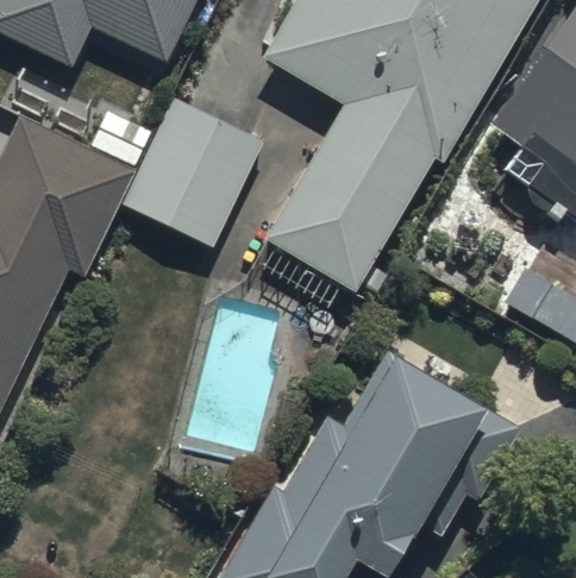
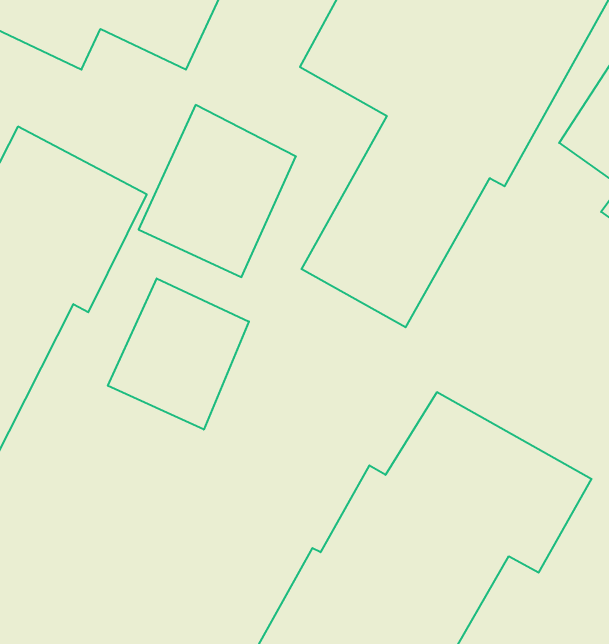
building: none -> [108,278,249,430]

